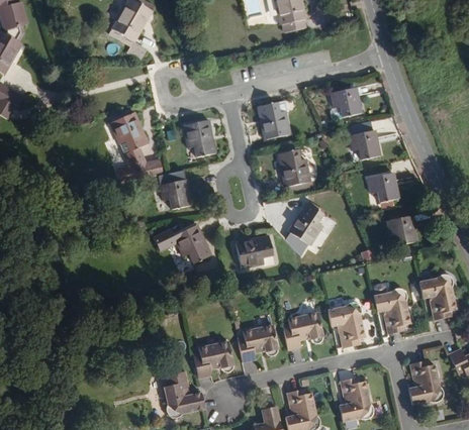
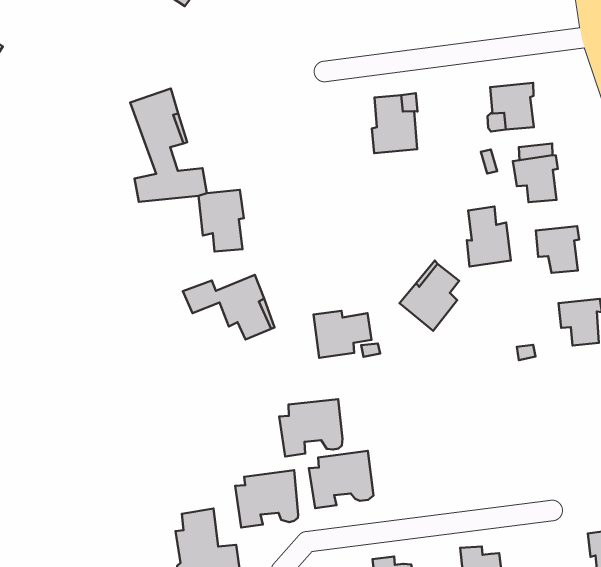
building: [183,119,211,157] -> none
building: [279,148,308,187] -> [467,207,511,266]
building: [376,287,413,333] -> none
building: [331,301,367,347] -> none
building: [285,311,325,349] -> [279,399,343,457]

